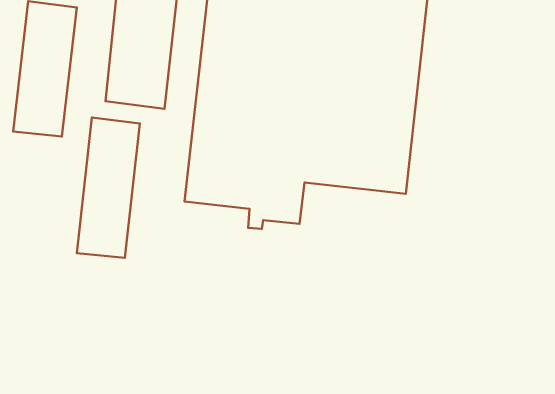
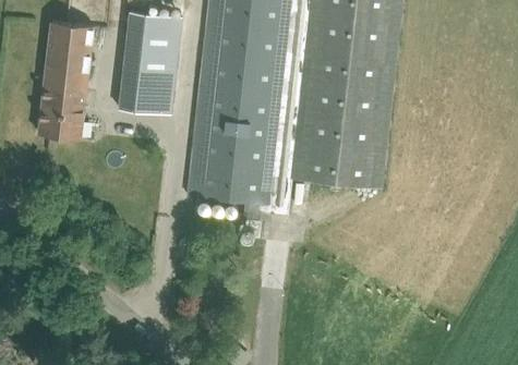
building: [77,118,140,258] -> none

